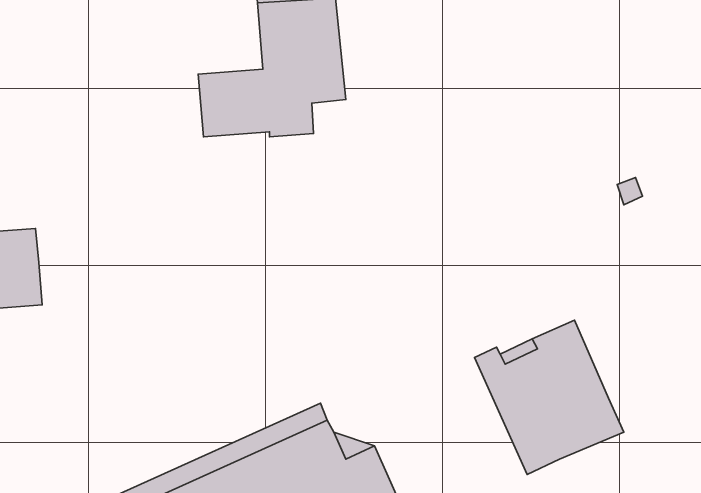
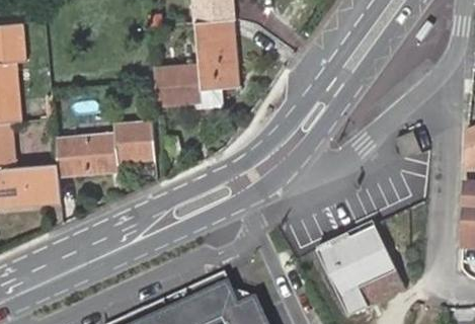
building: none -> [55,127,155,184]

